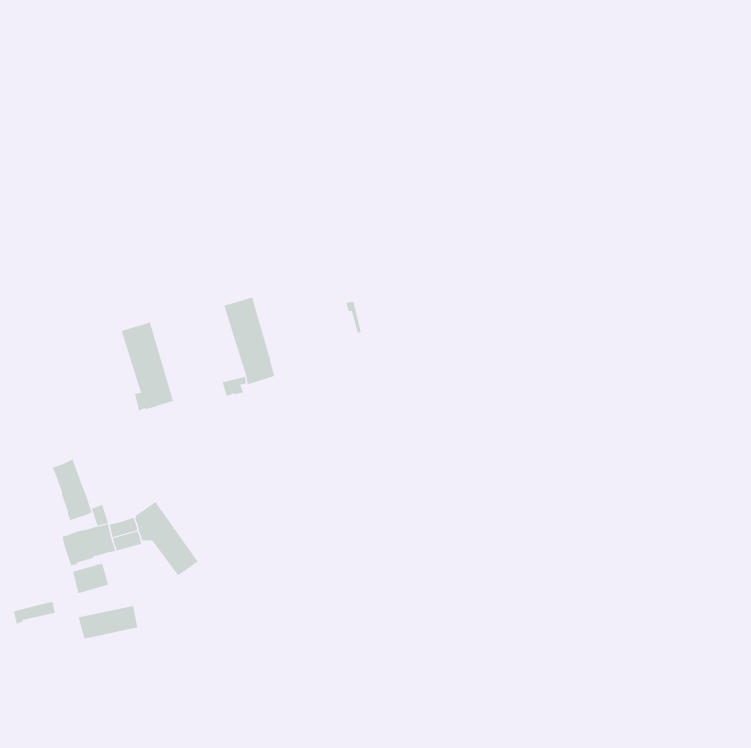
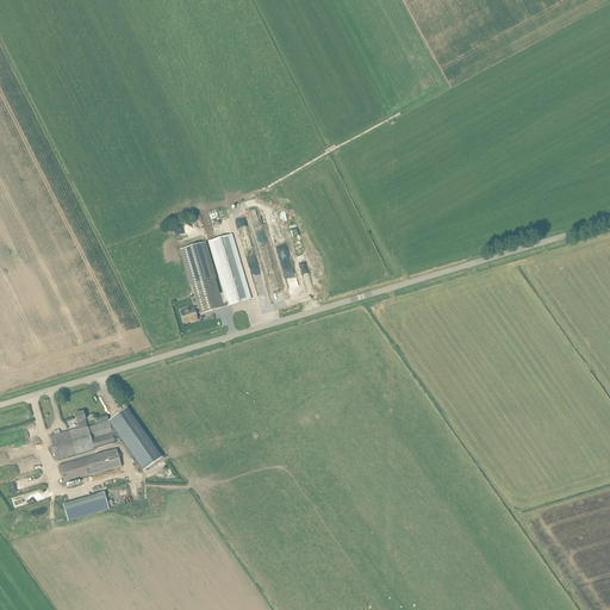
building: [121,322,174,412] -> [208,232,251,305]
building: [52,458,92,521] -> none
building: none -> [83,447,122,474]

